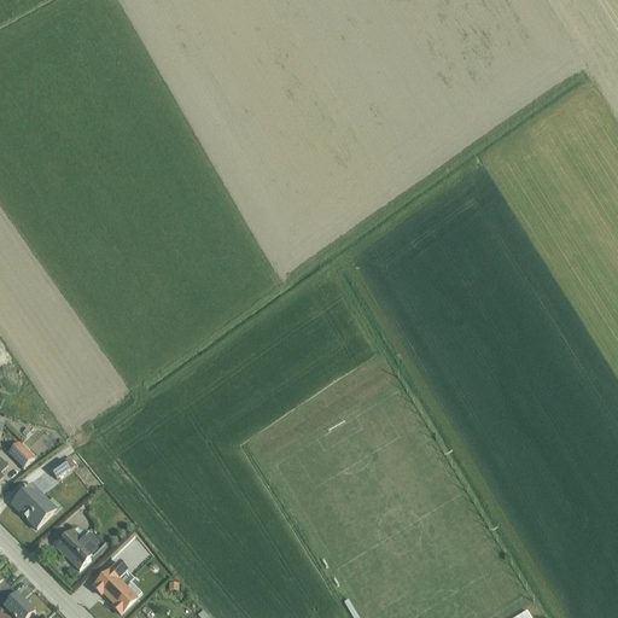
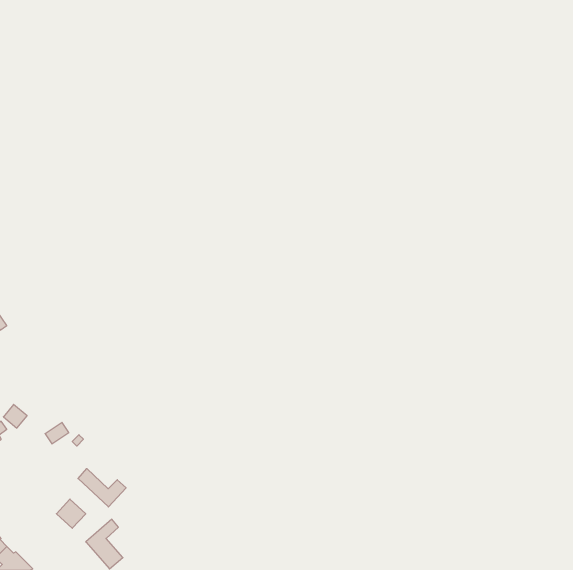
building: [8,483,57,530] -> none
building: none -> [78,469,126,507]

